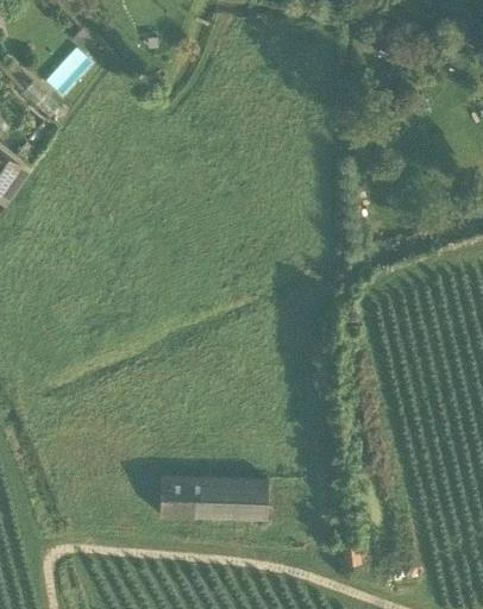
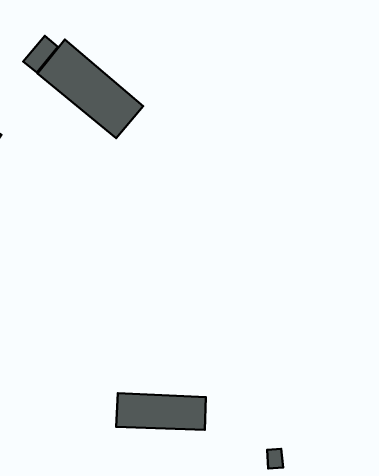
building: none -> [37,40,143,138]

